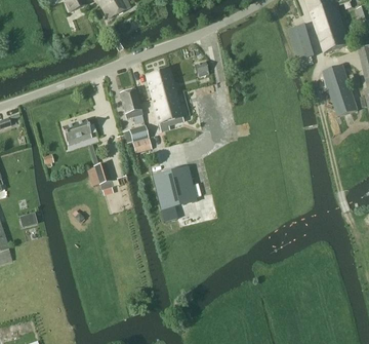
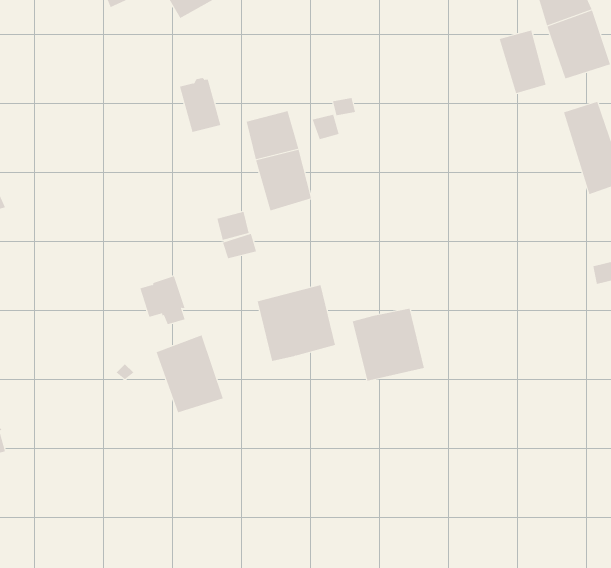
building: [119,88,142,119] -> [179,77,221,132]
building: [61,120,95,145] -> none
building: none -> [352,308,425,381]
building: none -> [156,335,223,413]

